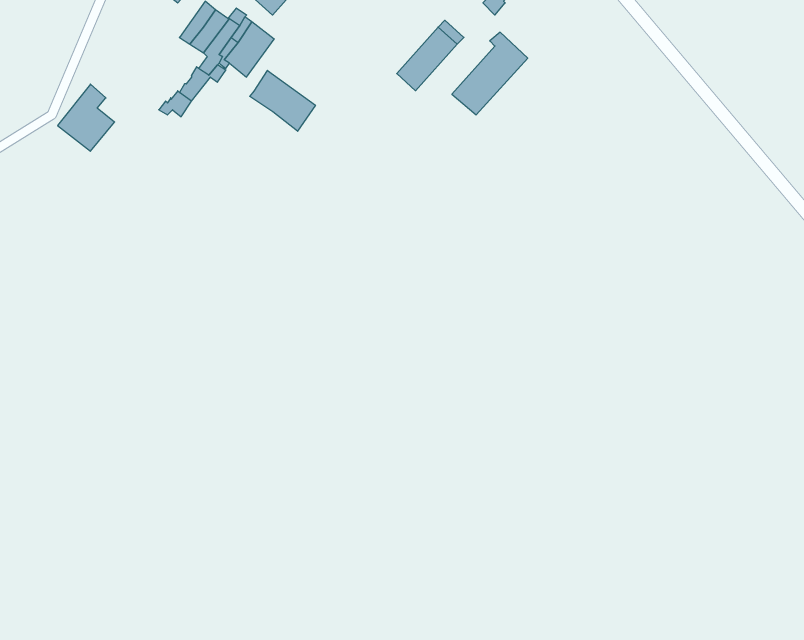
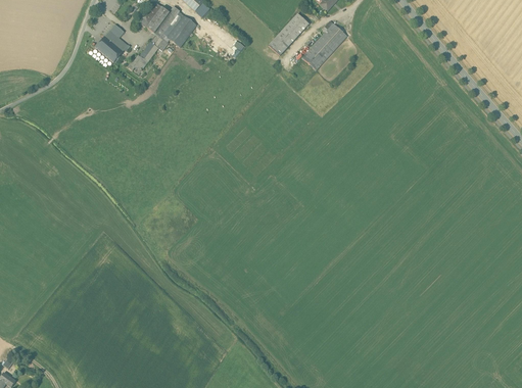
building: [250,70,315,131] -> none
building: [58,84,115,151] -> [96,22,130,62]

